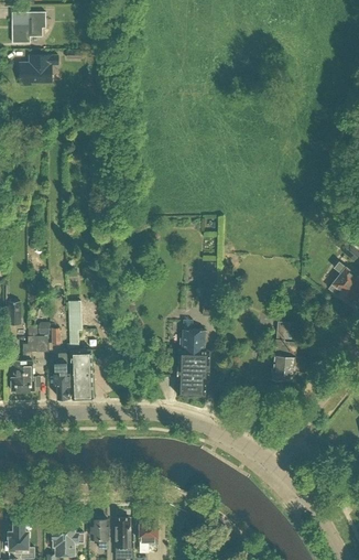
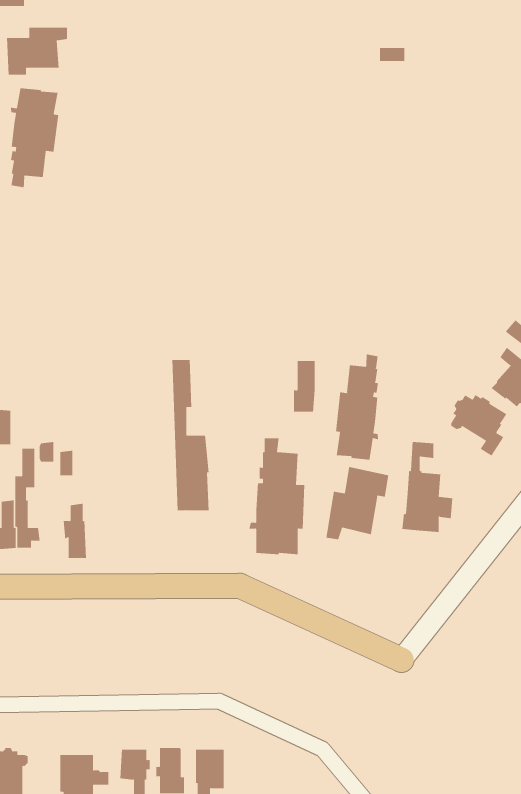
building: none -> [10,87,59,188]
building: none -> [335,353,378,461]
building: none -> [450,394,507,456]
building: [68,301,93,398] -> [172,359,209,511]
building: none -> [326,466,389,540]

